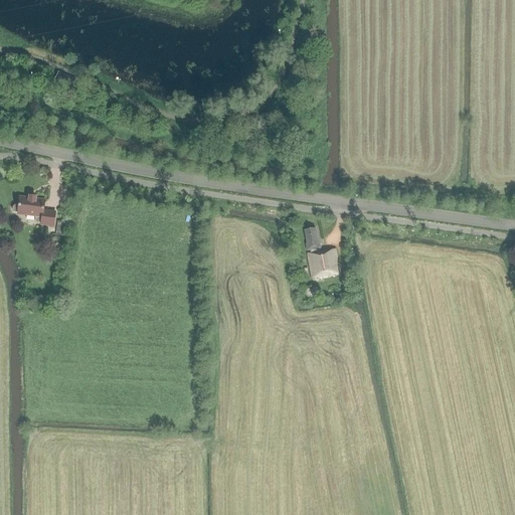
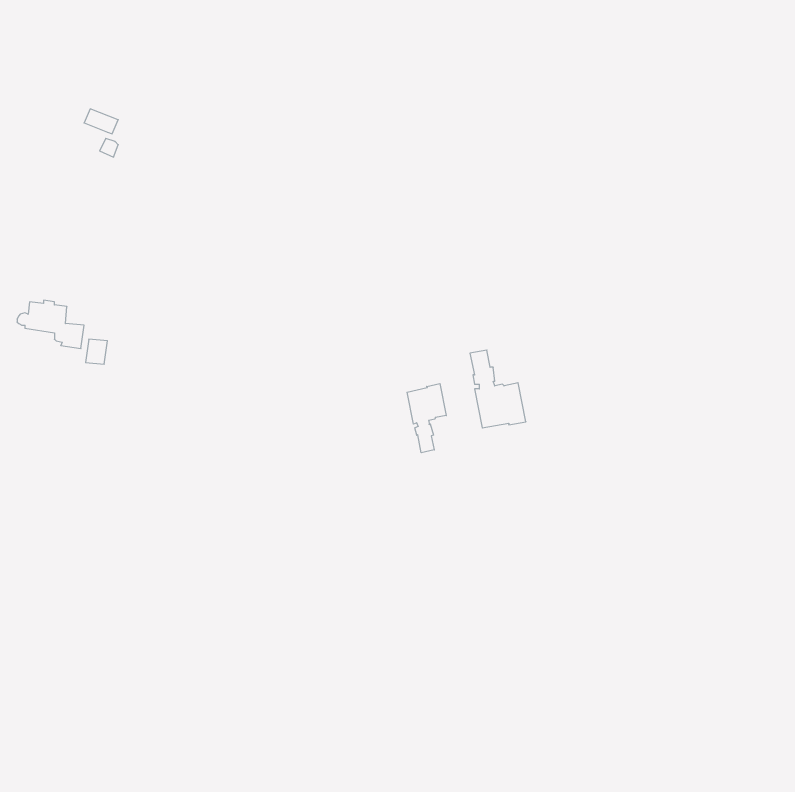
building: none -> [407,384,446,453]

